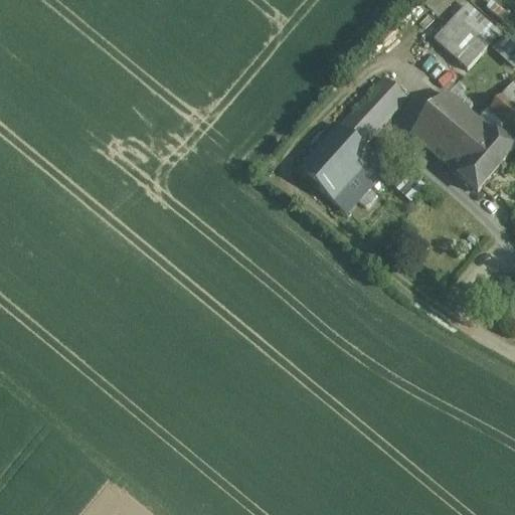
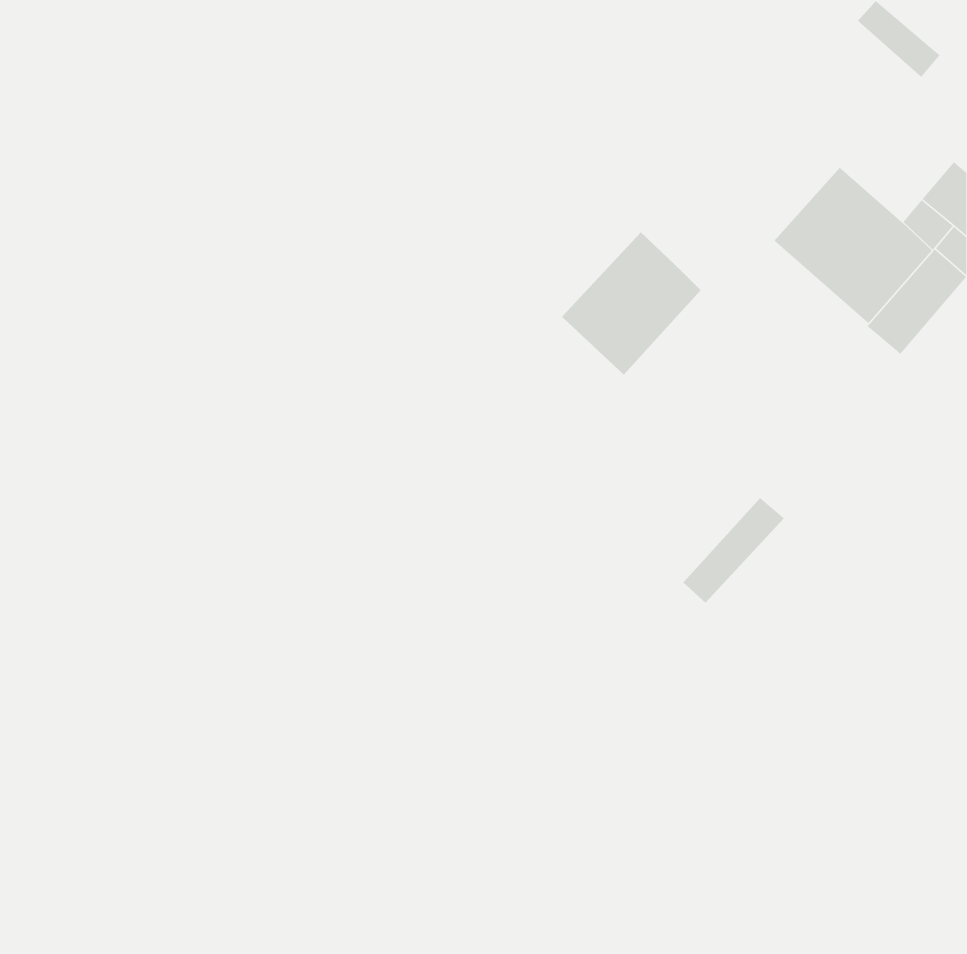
building: [433,11,489,66] -> none
building: [340,75,406,144] -> none
building: [331,154,385,210] -> [683,497,785,603]

